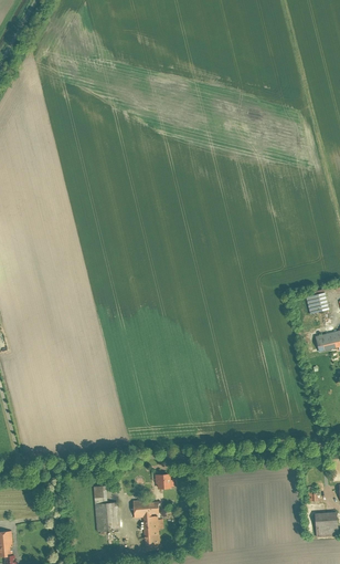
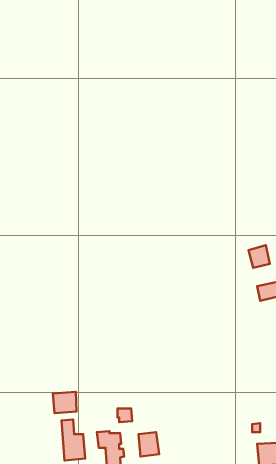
building: none -> [53,392,76,413]
building: none -> [139,432,159,457]

